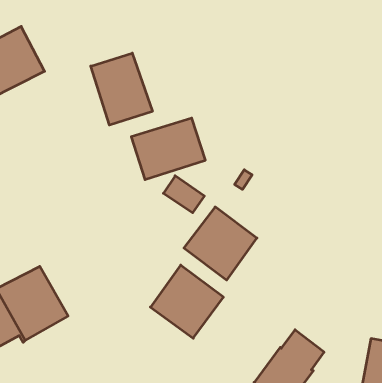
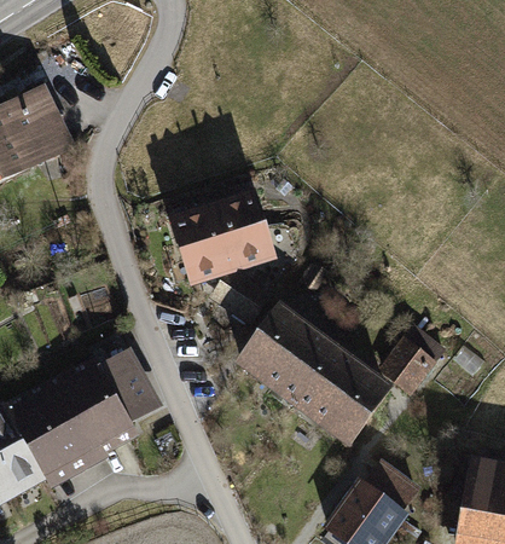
building: [91,53,152,125] -> none
building: none -> [383,329,443,392]
building: none -> [64,358,150,447]
building: [150,265,223,338] -> [296,351,387,441]

